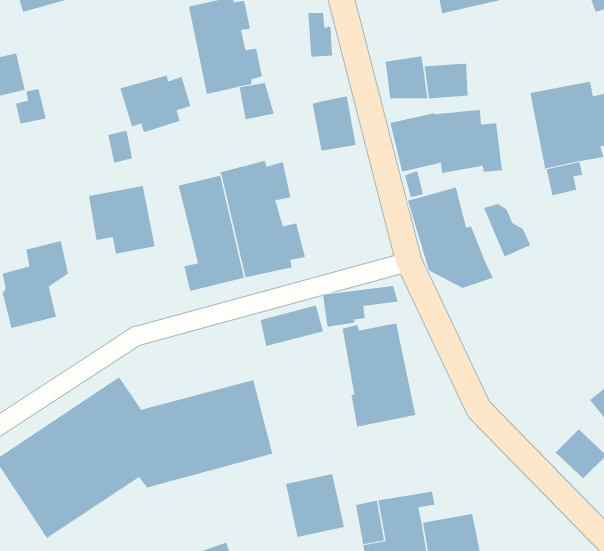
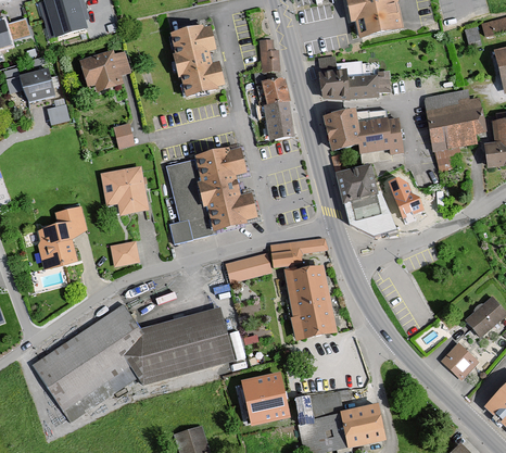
building: [120,75,191,133] -> [78,48,130,90]
building: [239,83,275,120] -> [263,76,289,103]
building: none -> [110,239,139,265]

